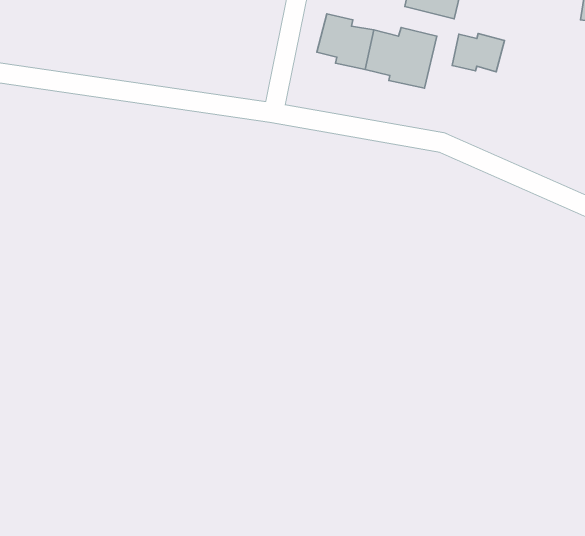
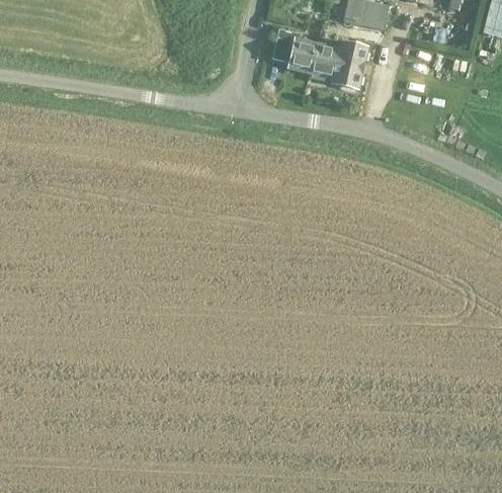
building: [452,33,504,72] -> none

